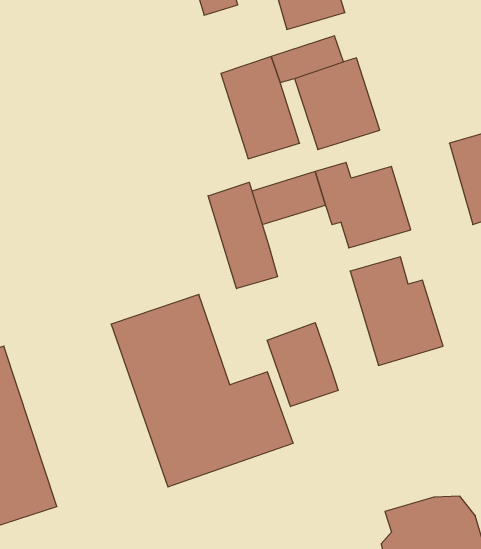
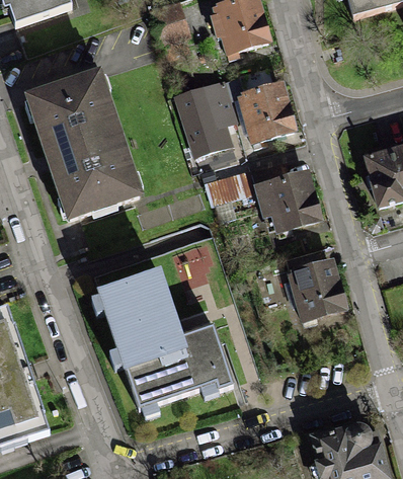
building: none -> [22,68,142,221]
building: [208,182,277,289] -> none
building: [267,323,338,407] -> none

